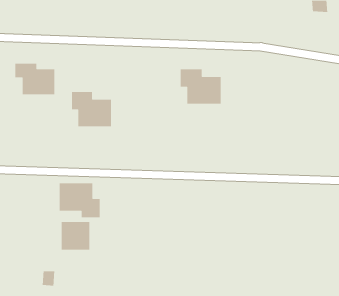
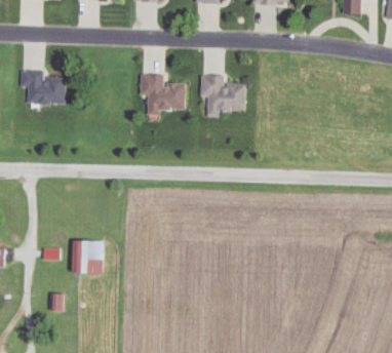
building: [71,91,112,127] -> [141,74,185,113]
building: [59,183,100,218] -> none

